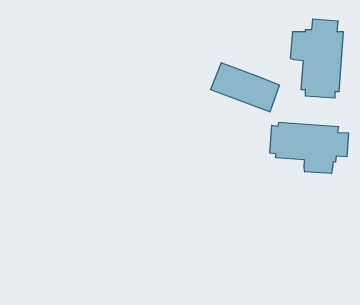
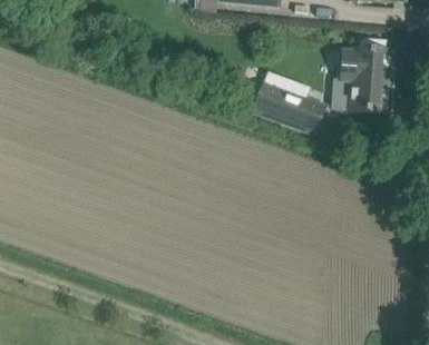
building: [270,122,348,174] -> none

